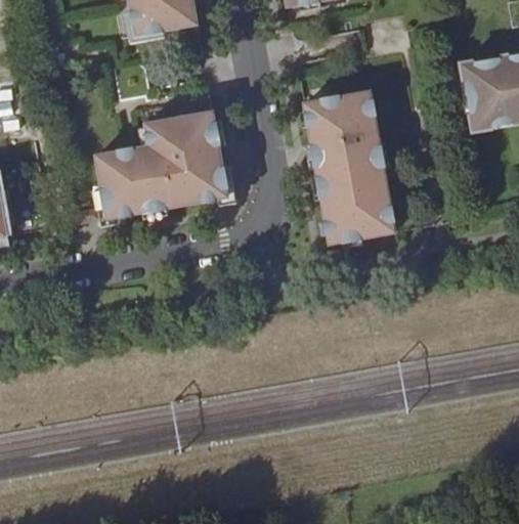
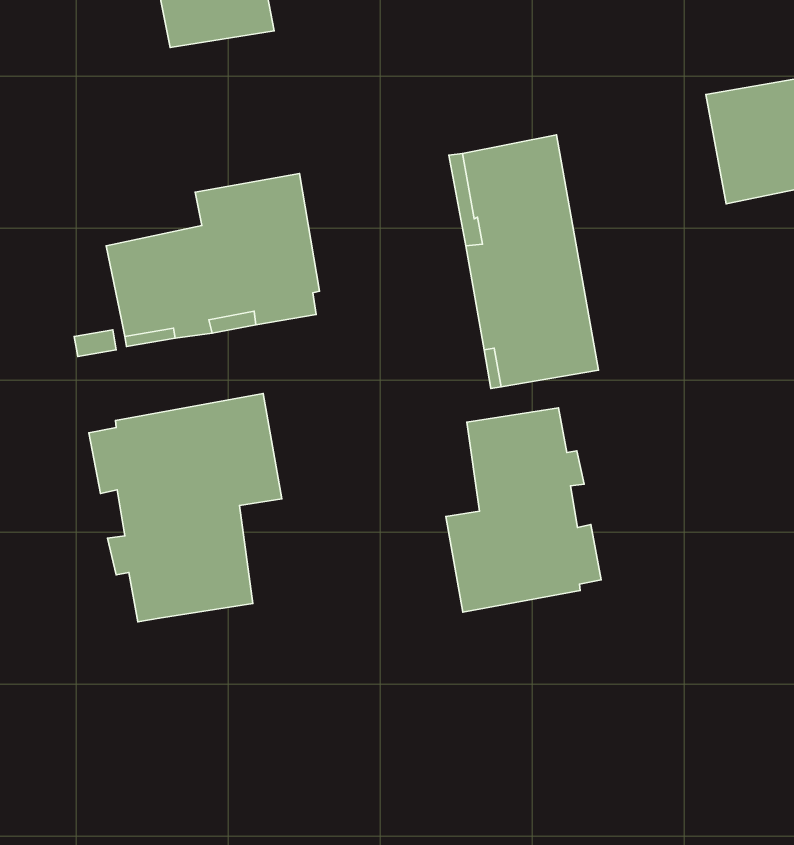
building: none -> [89,393,282,622]
building: none -> [446,408,601,612]

